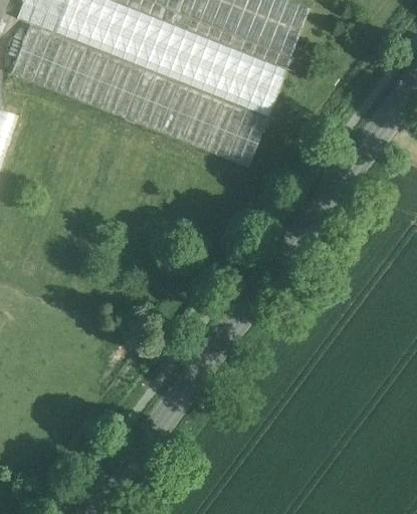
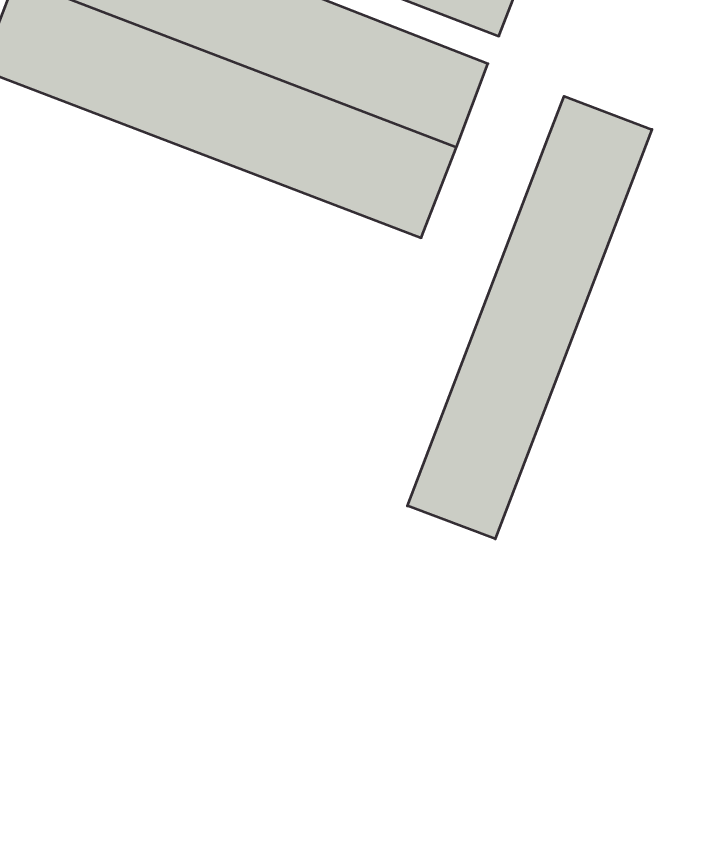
building: none -> [407,96,652,539]

